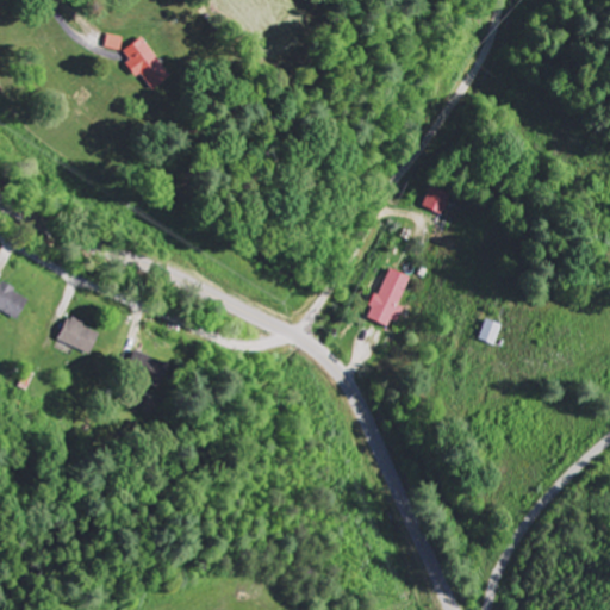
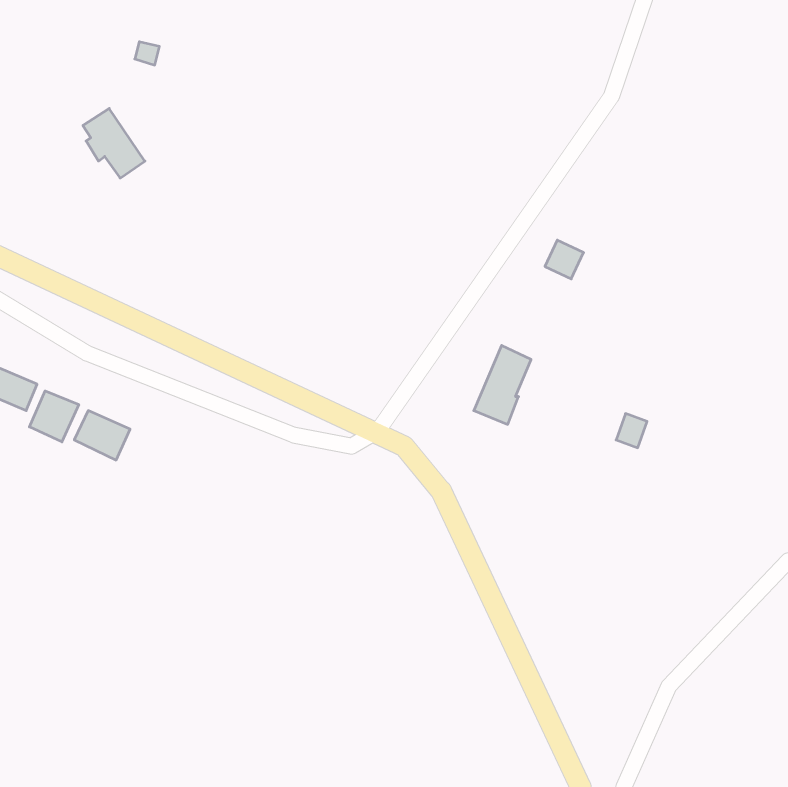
building: [123,36,170,89] -> [83,108,145,178]
building: none -> [29,391,79,442]

